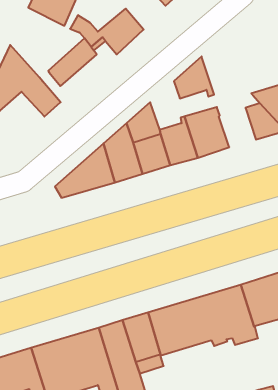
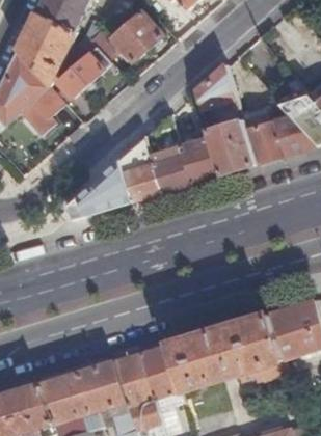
building: none -> [17,11,76,87]
building: none -> [241,106,285,163]

